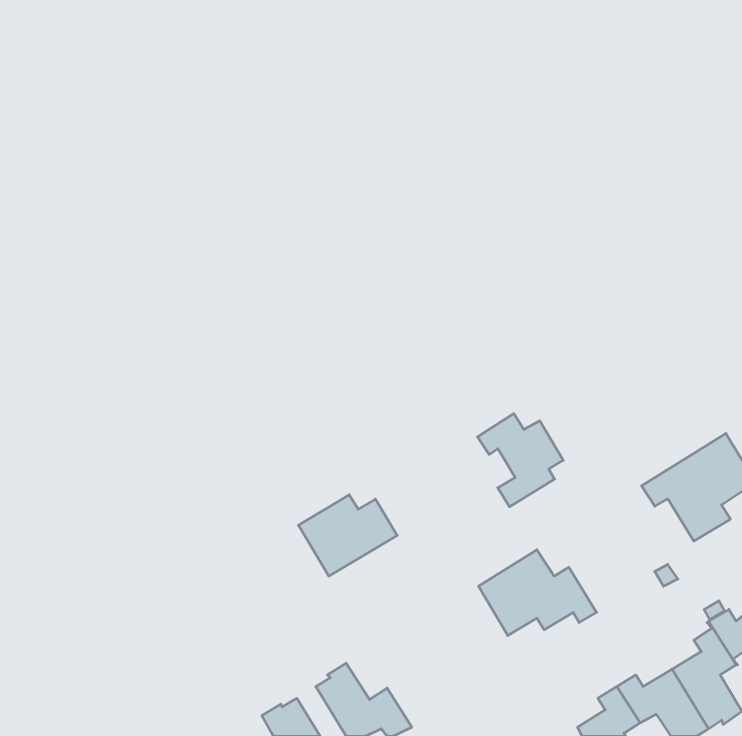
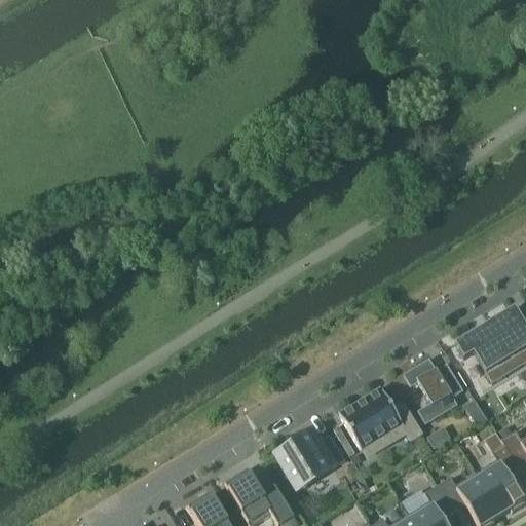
building: [477,414,563,507] -> [403,358,463,423]
building: [298,495,397,576] -> [275,430,345,488]

